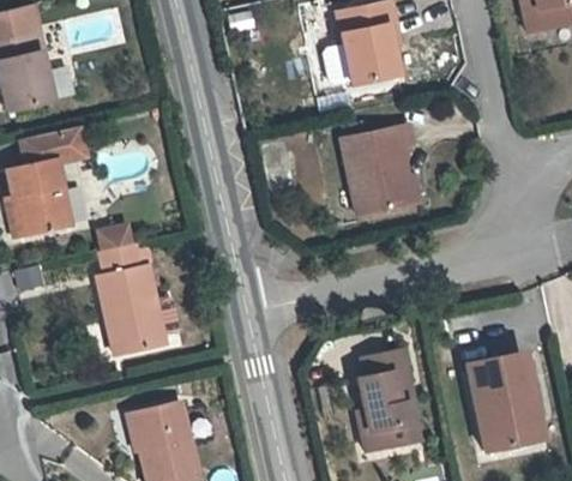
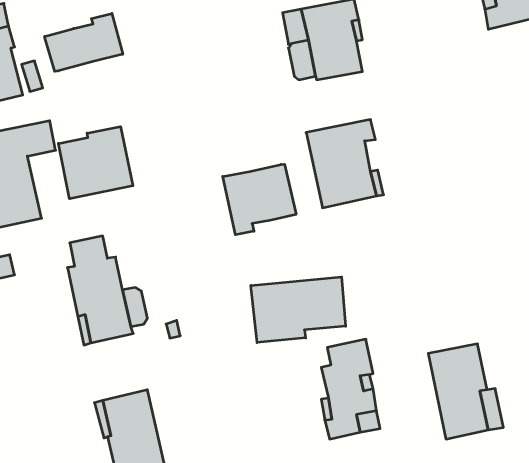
building: none -> [45,13,123,71]
building: none -> [58,127,133,199]
building: none -> [223,164,296,235]
building: none -> [251,277,346,343]

